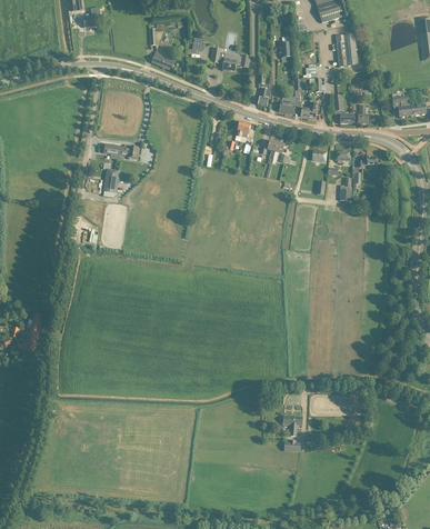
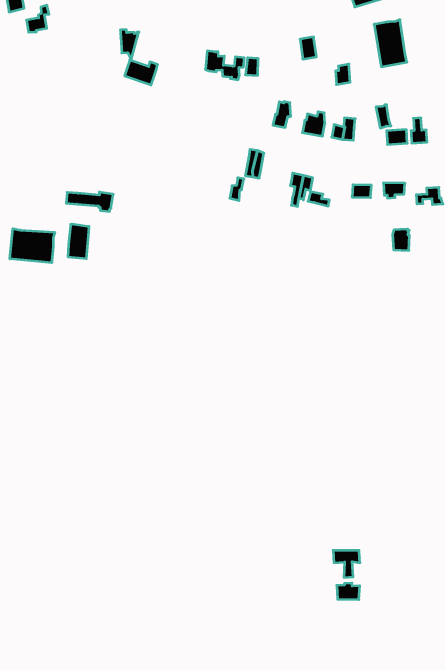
building: none -> [10,229,55,263]

